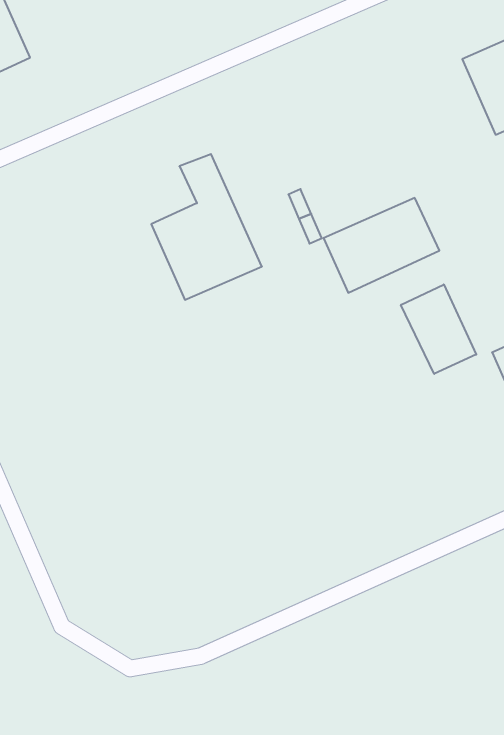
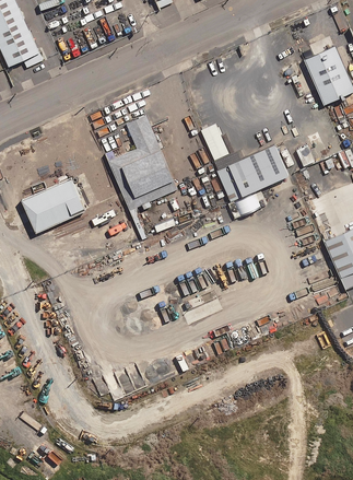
building: none -> [25,178,86,232]
building: [401,284,476,374] -> none

